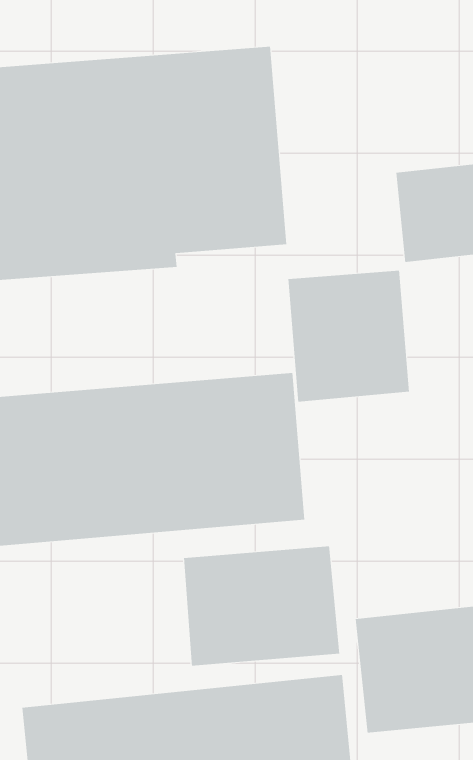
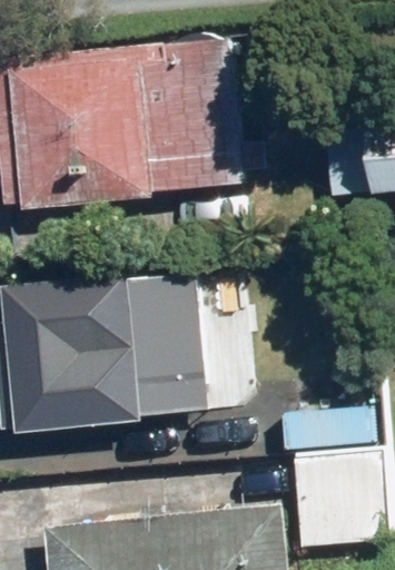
building: [288,270,410,402] -> none
building: [183,546,340,666] -> none

